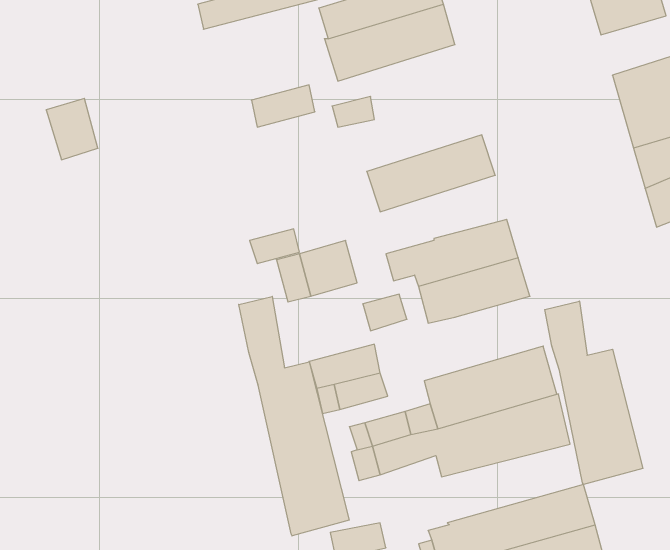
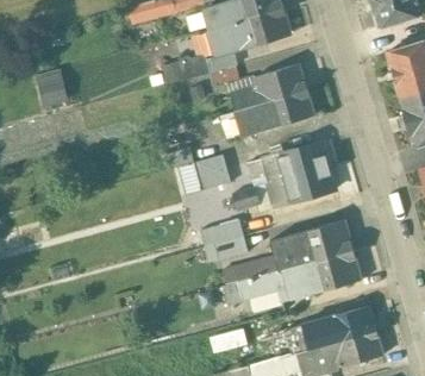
building: none -> [230,64,306,112]
building: [239,296,349,536] -> none
building: [545,301,643,484] -> none

